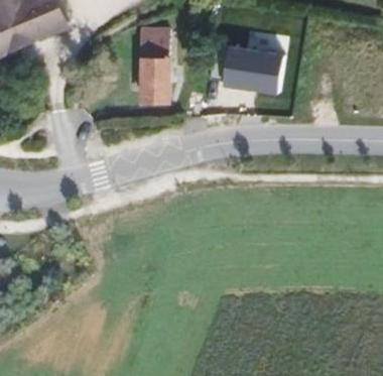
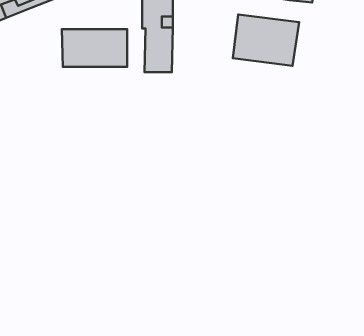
building: none -> [62,29,127,67]

